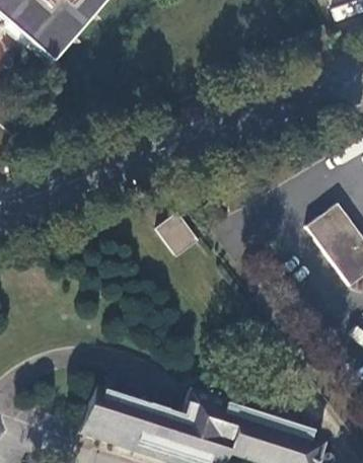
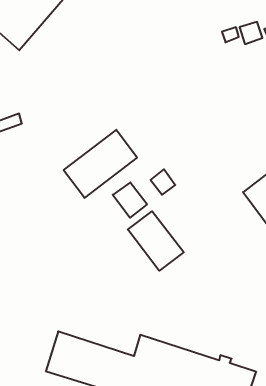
building: none -> [64,130,137,198]
building: none -> [128,211,184,271]

